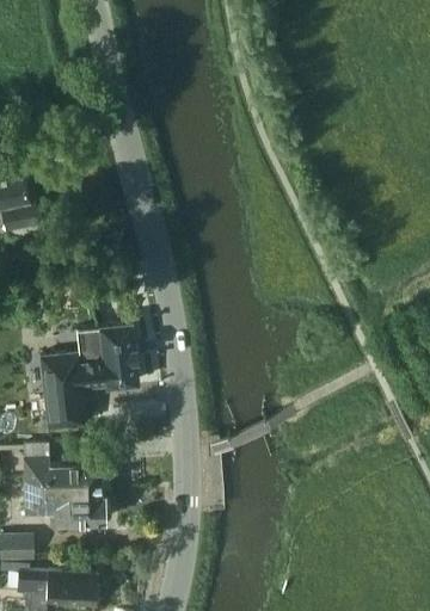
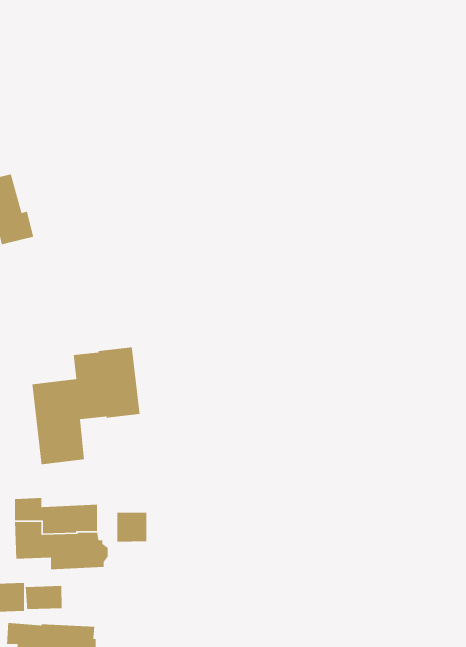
building: none -> [116,512,147,543]
building: none -> [25,585,63,610]

